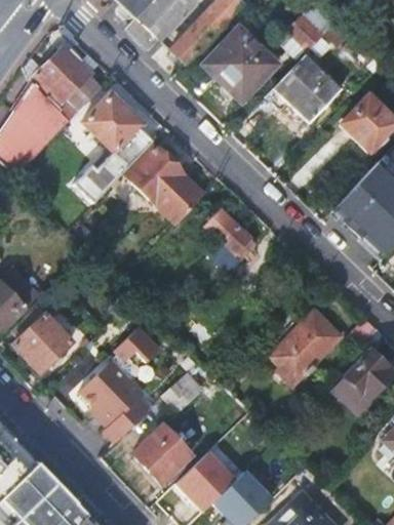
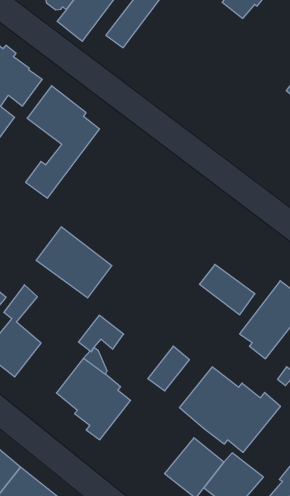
building: [202,25,278,102] -> none
building: [266,55,340,121] -> none
building: [130,147,204,219] -> [36,227,112,298]
building: [202,209,255,261] -> [199,264,255,315]
building: none -> [179,367,280,452]
building: [134,426,193,485] -> none

